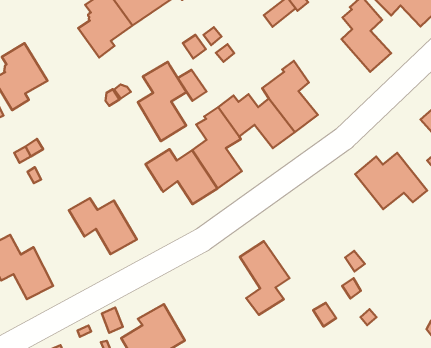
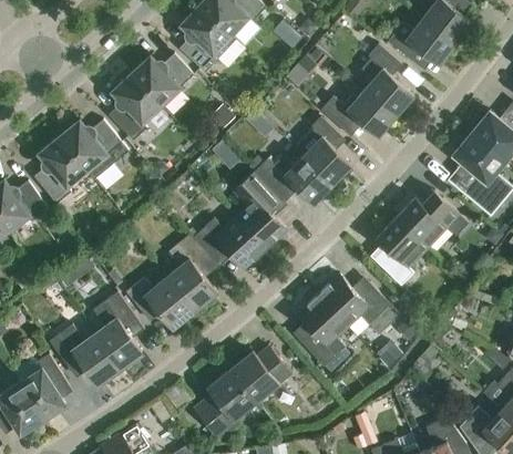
building: none -> [59,120,129,179]
building: none -> [320,89,397,137]
building: [138,62,186,141] -> [167,234,217,311]
building: none -> [377,217,429,286]
building: none -> [93,291,142,368]
building: none -> [318,275,399,336]
building: none -> [230,347,290,402]

